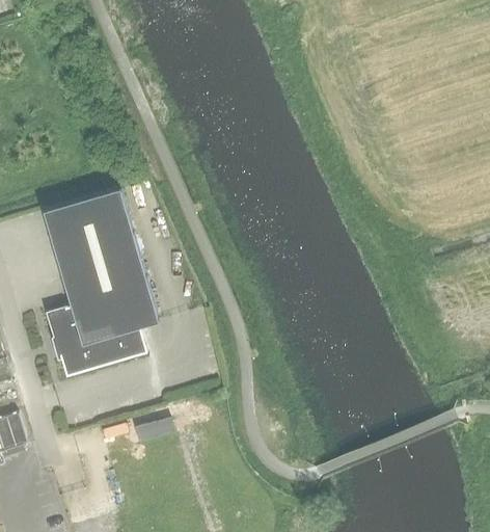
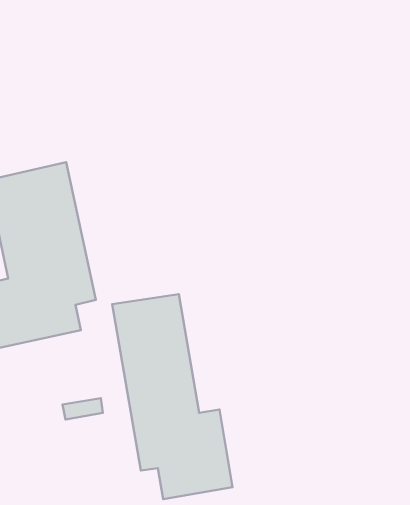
building: none -> [112,294,233,499]

